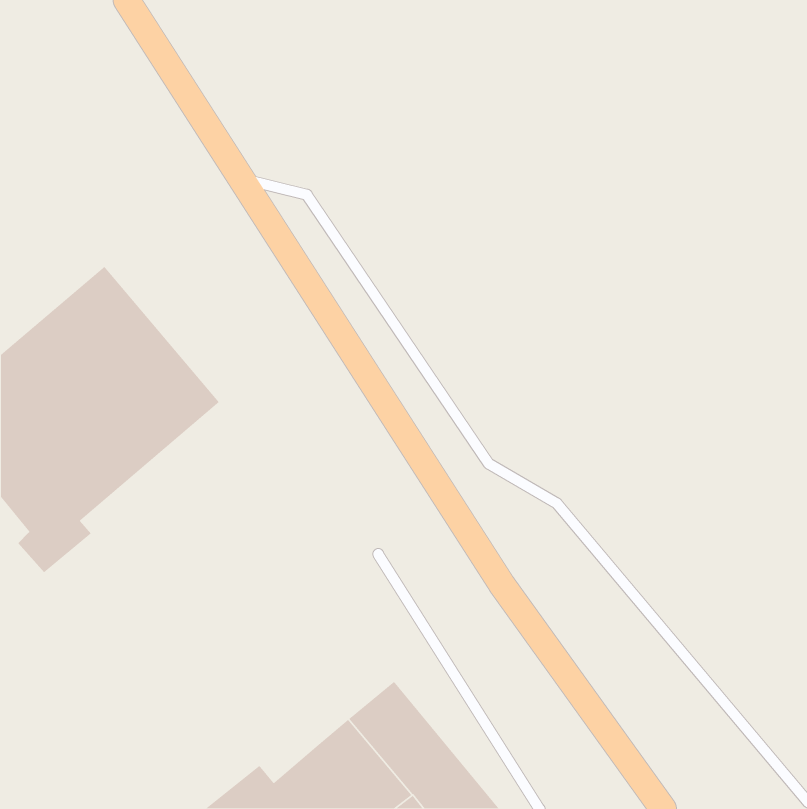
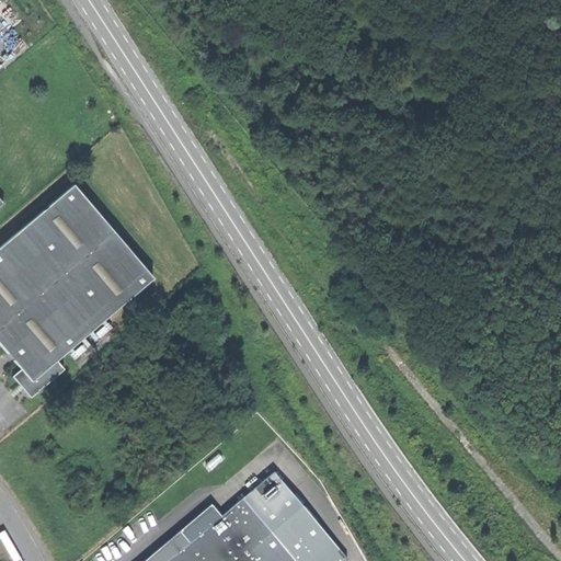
building: none -> [181,504,221,541]

